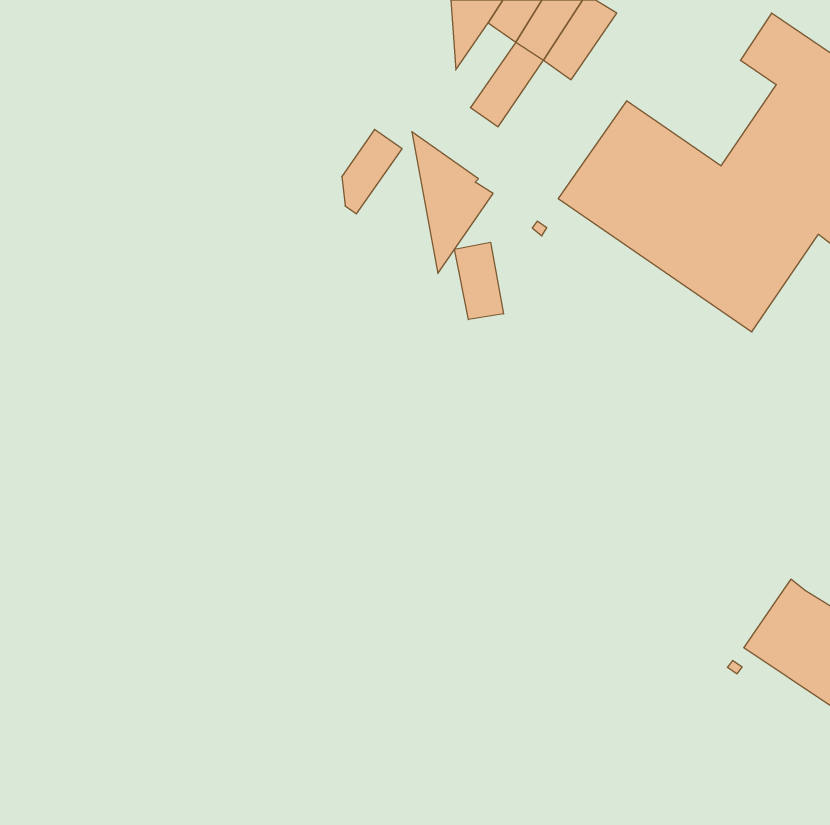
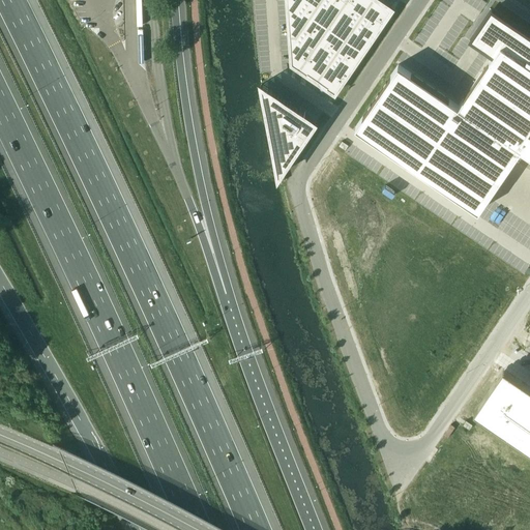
building: none -> [318,42,364,96]
building: [342,129,402,214] -> [291,19,329,72]
building: [455,242,504,320] -> none

